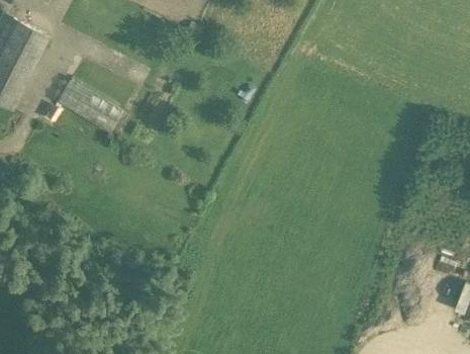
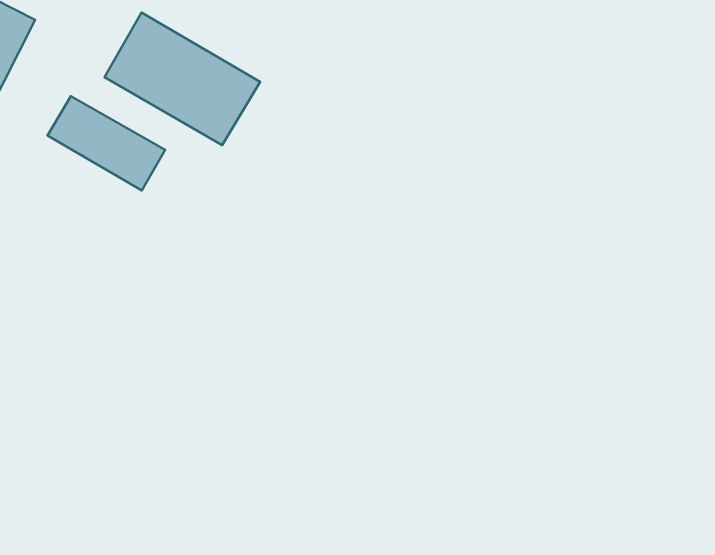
building: none -> [105,13,260,145]

